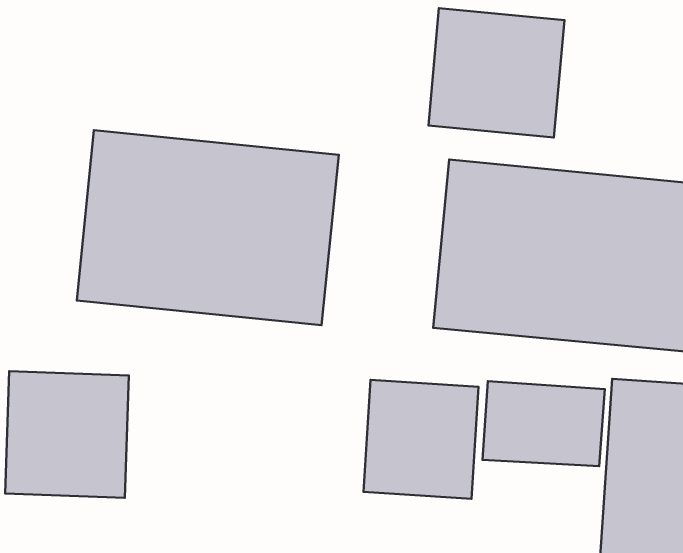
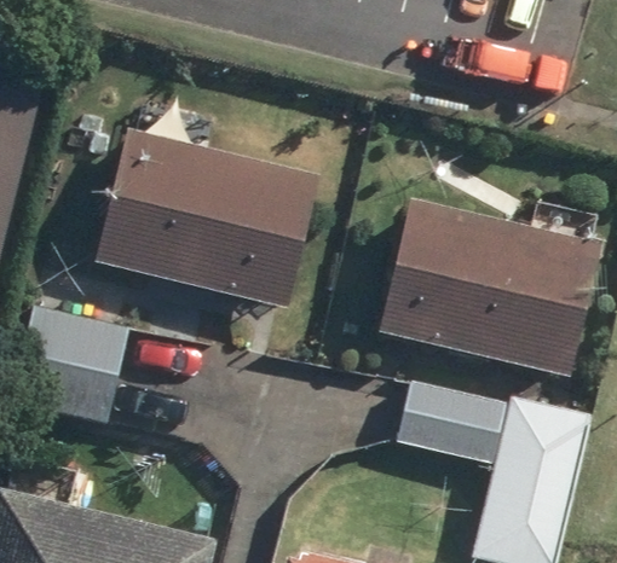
building: [428,8,564,138] -> none
building: [363,380,478,499] -> none

